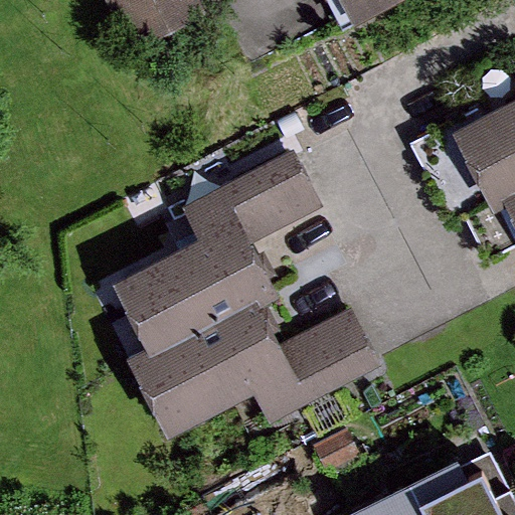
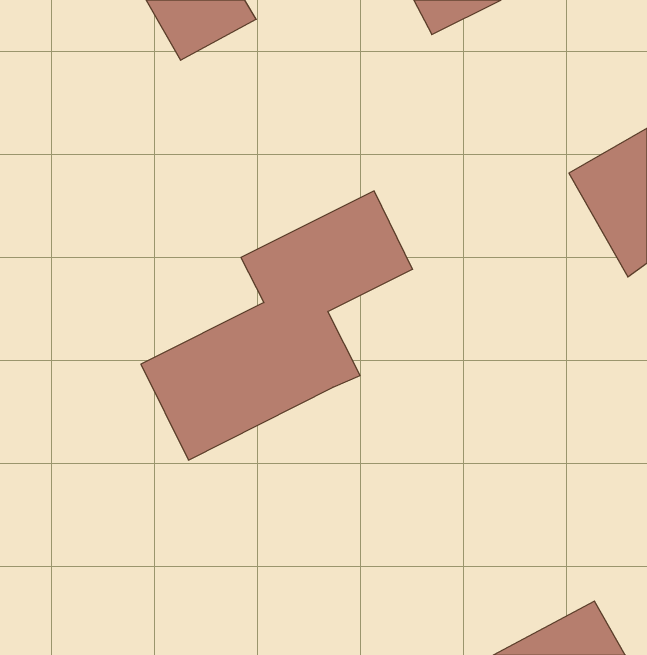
building: [133,298,383,436] -> none

